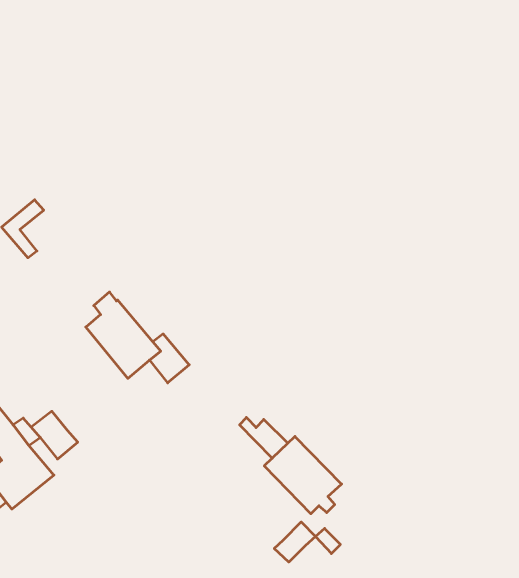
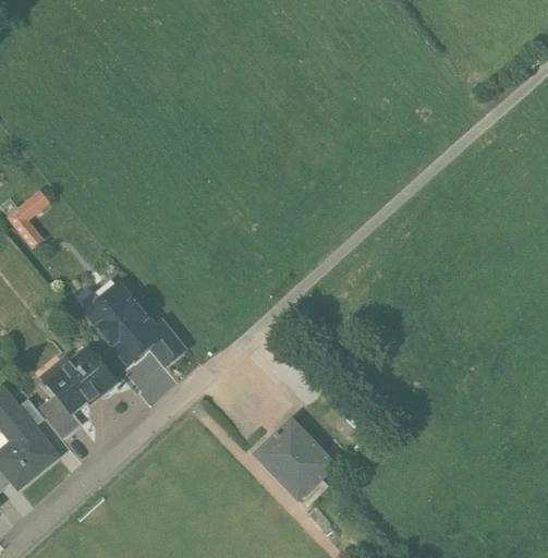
building: none -> [46,349,115,413]
building: [240,417,288,458] -> none
building: [274,522,315,562] -> none

